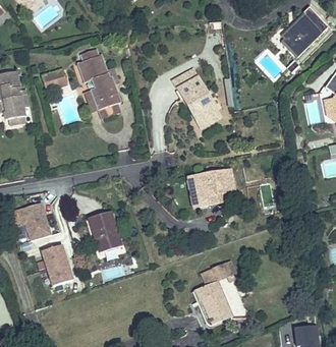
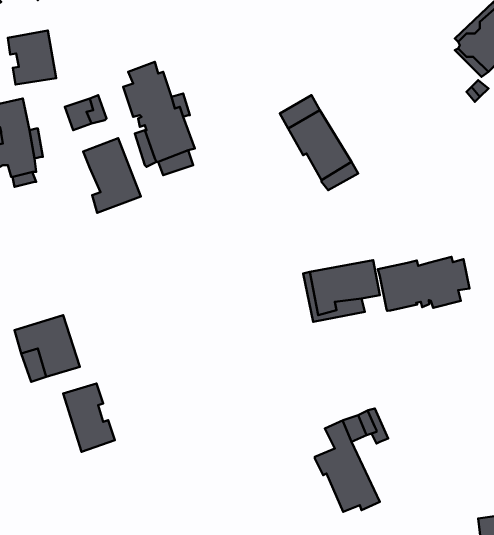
building: none -> [8,30,56,84]
building: none -> [83,138,141,213]
building: none -> [378,257,470,311]
building: [90,210,124,252] -> none

